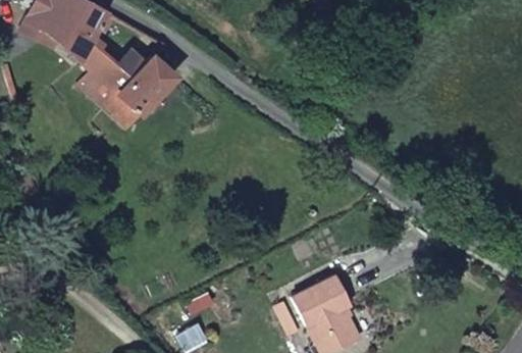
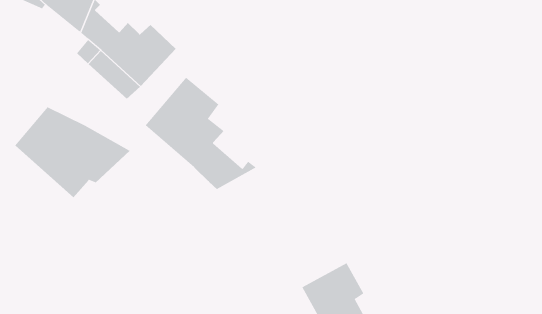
building: none -> [145,77,257,190]
building: none -> [14,107,131,198]

